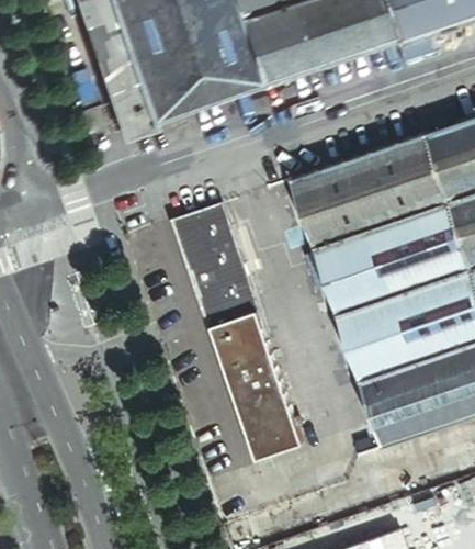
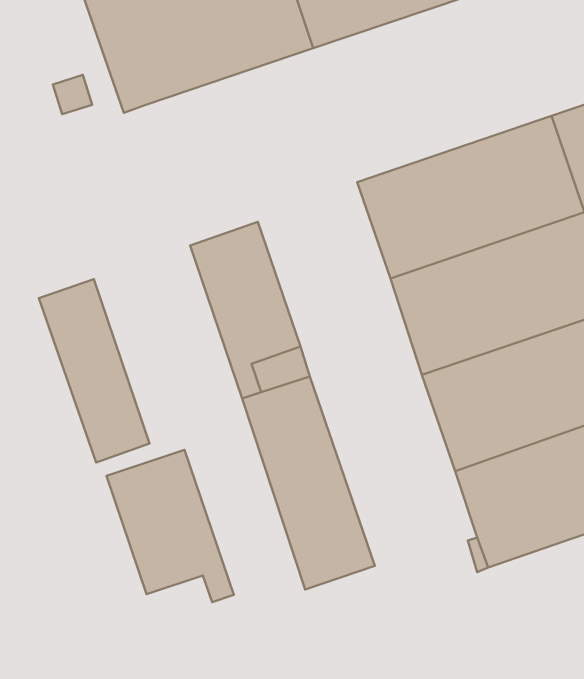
building: none -> [39,279,150,462]
building: none -> [107,450,234,602]

